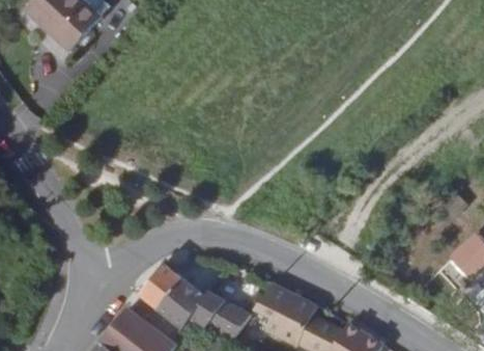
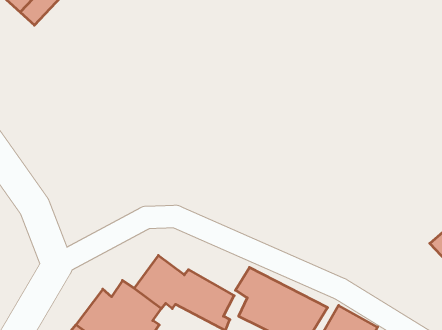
building: [139,263,180,306] -> none

